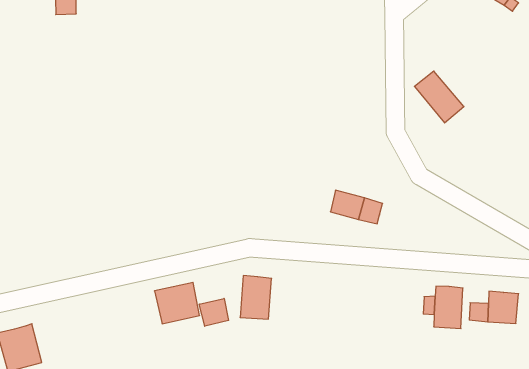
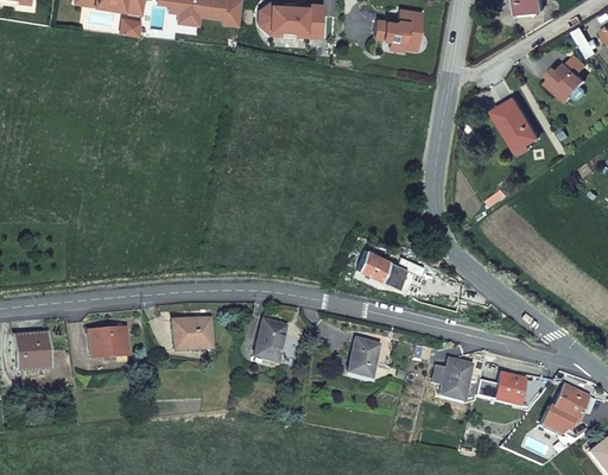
building: [414,71,464,123] -> [493,99,538,151]
building: none -> [346,336,382,380]
building: [199,298,229,326] -> none
building: none -> [87,325,131,360]

